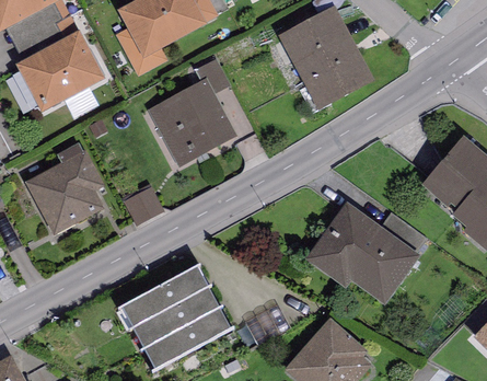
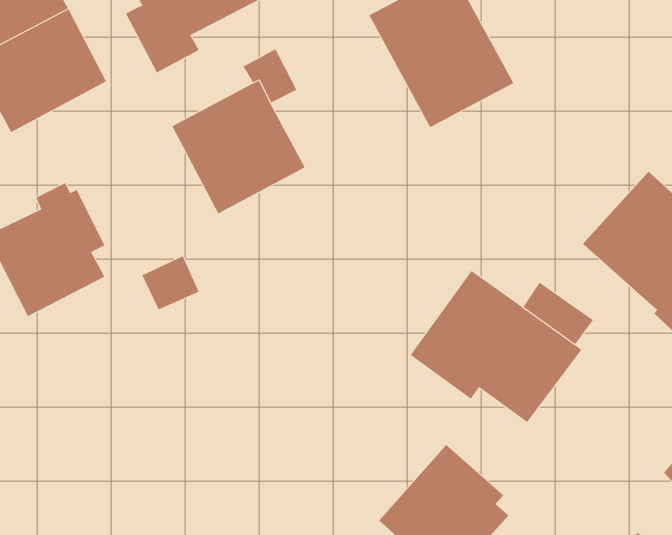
building: [120,265,231,370] -> none

